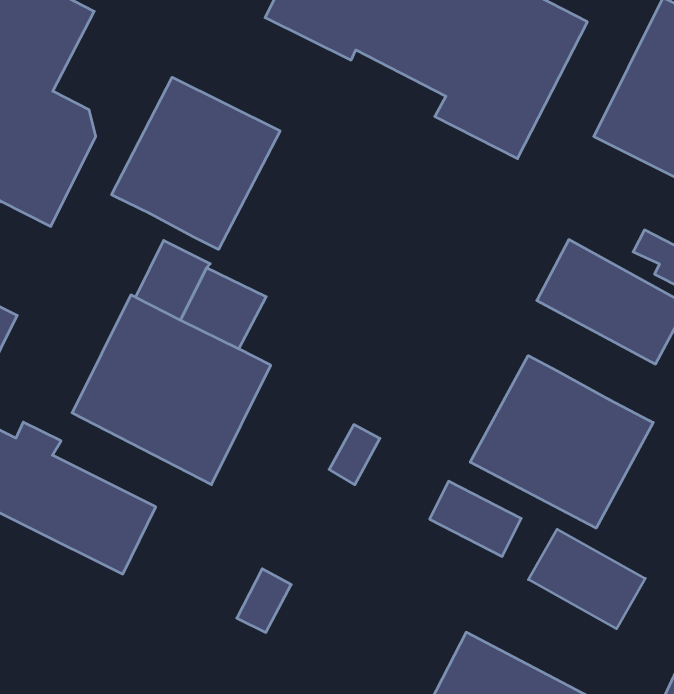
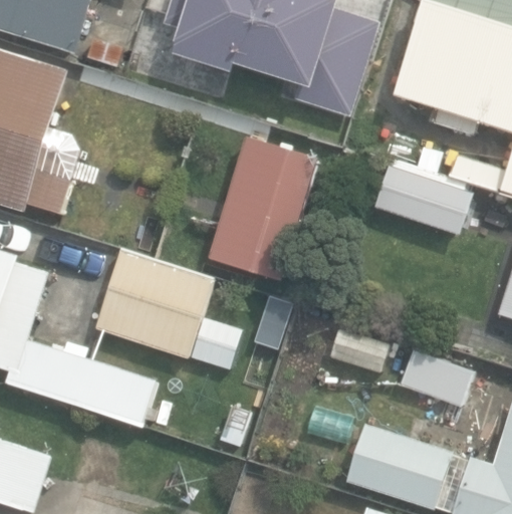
building: [112,77,280,249] -> none
building: none -> [209,138,319,280]
building: [470,356,653,528] -> none

